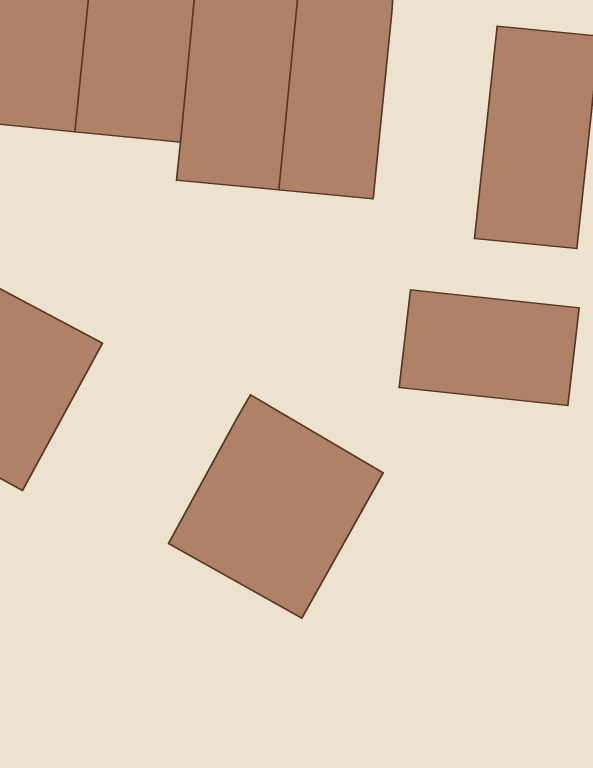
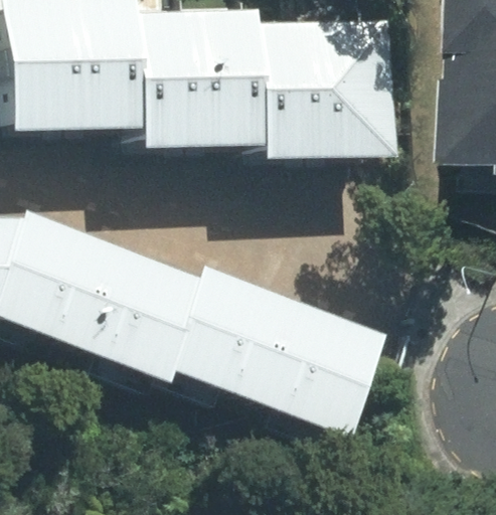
building: none -> [262,24,331,157]
building: [399,290,579,406] -> none
building: none -> [81,249,204,377]
building: none -> [261,303,386,433]

